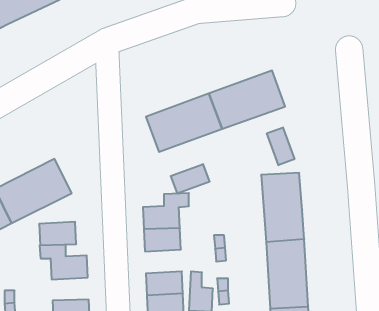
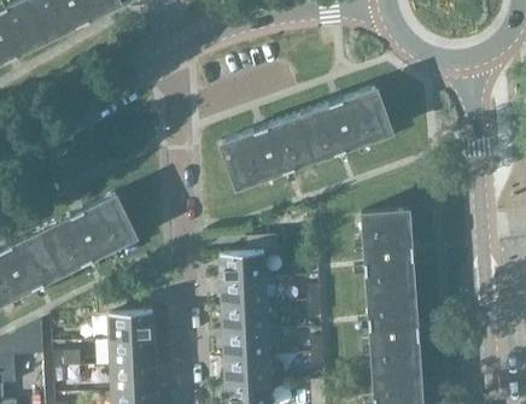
building: [267,127,294,165] -> none
building: [171,164,210,194] -> none
building: [39,222,76,245] -> [110,338,154,365]
building: none -> [222,304,267,333]

